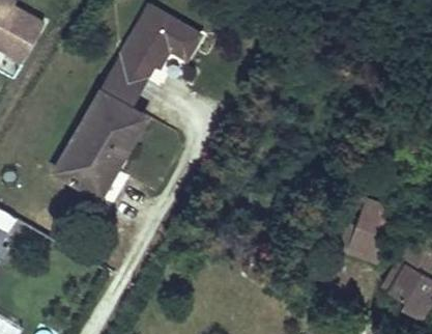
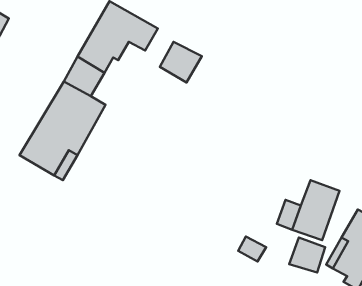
building: none -> [160,42,202,83]
building: none -> [289,238,325,272]

